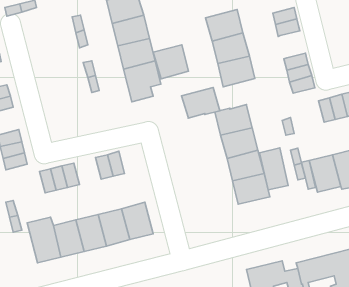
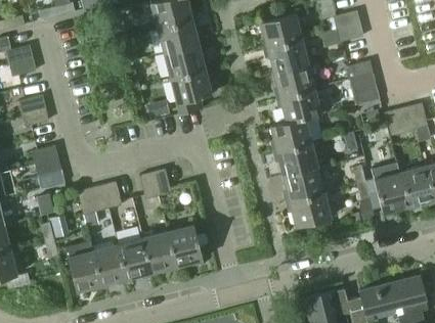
building: [153,45,189,79] -> none
building: [182,87,220,118] -> [279,88,321,122]
building: [259,148,288,190] -> none

